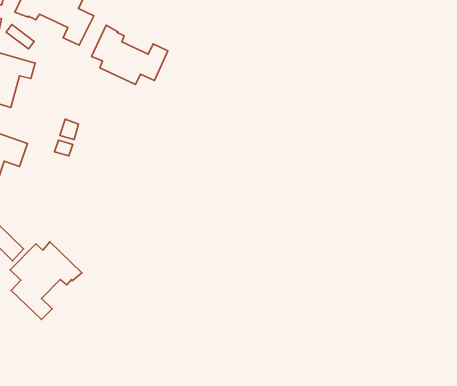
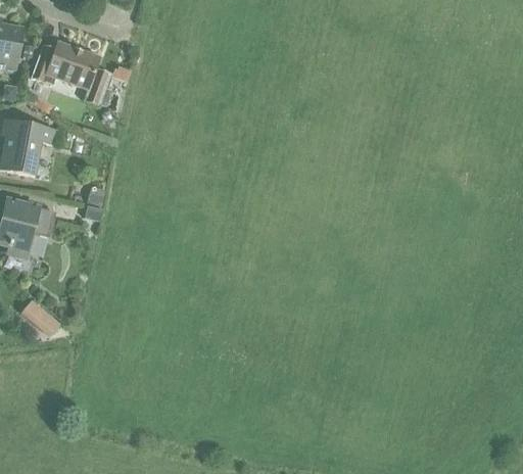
building: [92,25,168,85] -> none
building: [10,242,82,319] -> none

